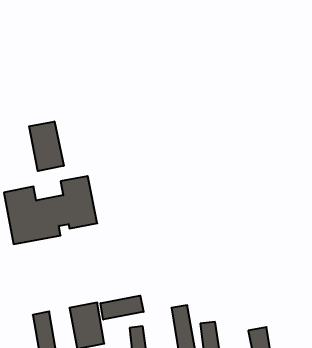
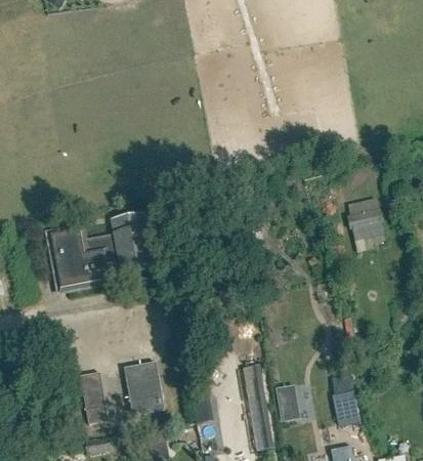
building: [29,121,64,171] -> none
building: none -> [345,207,383,239]
building: [101,296,144,320] -> none

